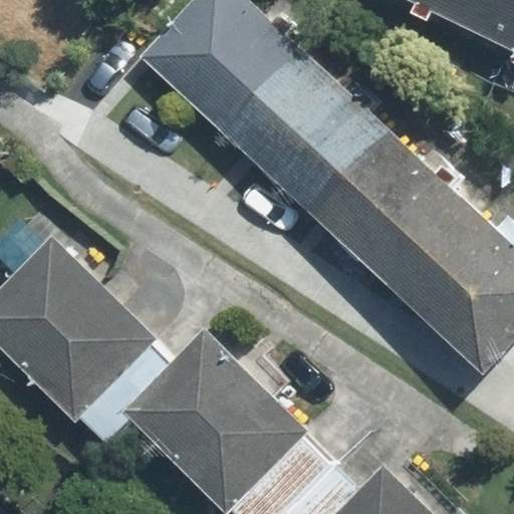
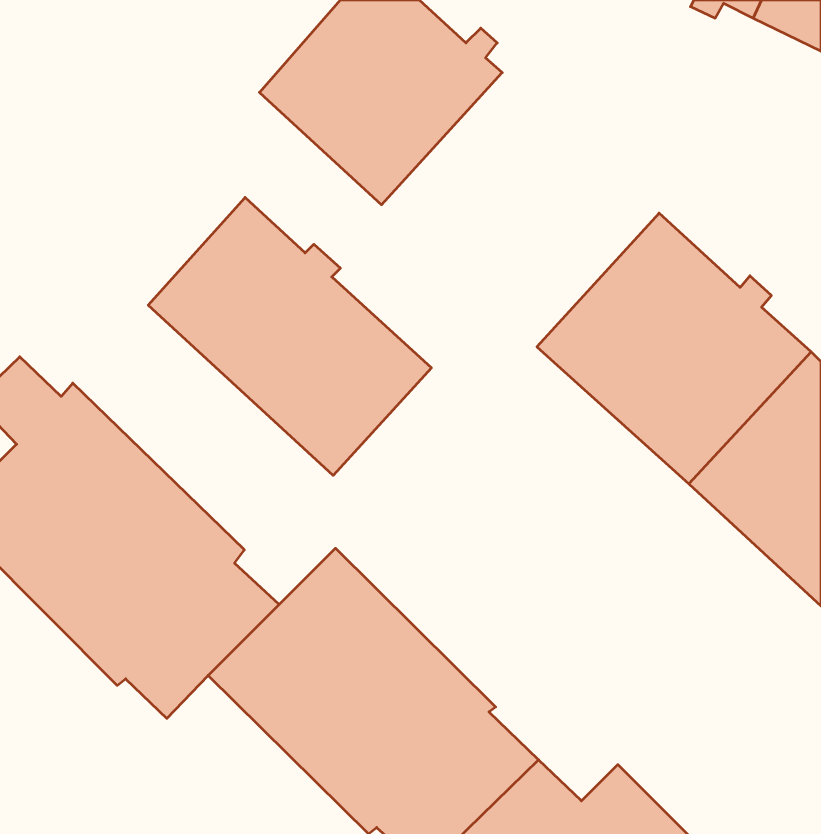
building: [232,50,401,217] -> none
building: none -> [148,197,431,475]

